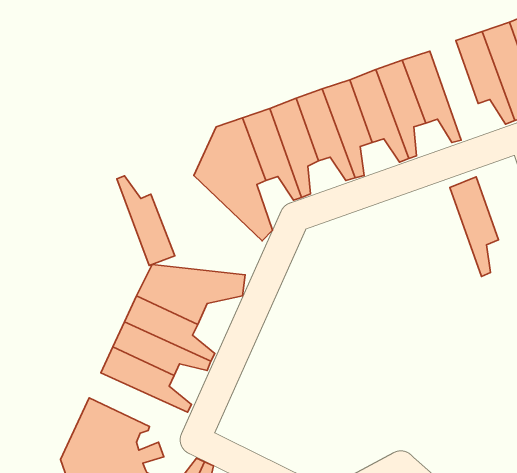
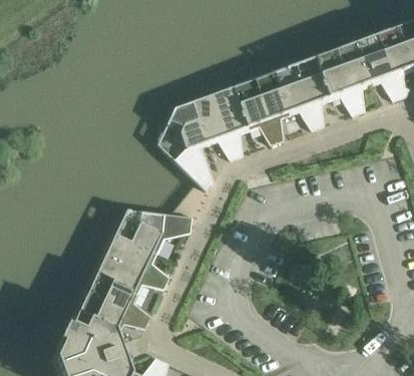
building: [117,176,175,265] -> none
building: [450,177,498,276] -> [336,38,373,114]
building: none -> [75,293,150,334]

